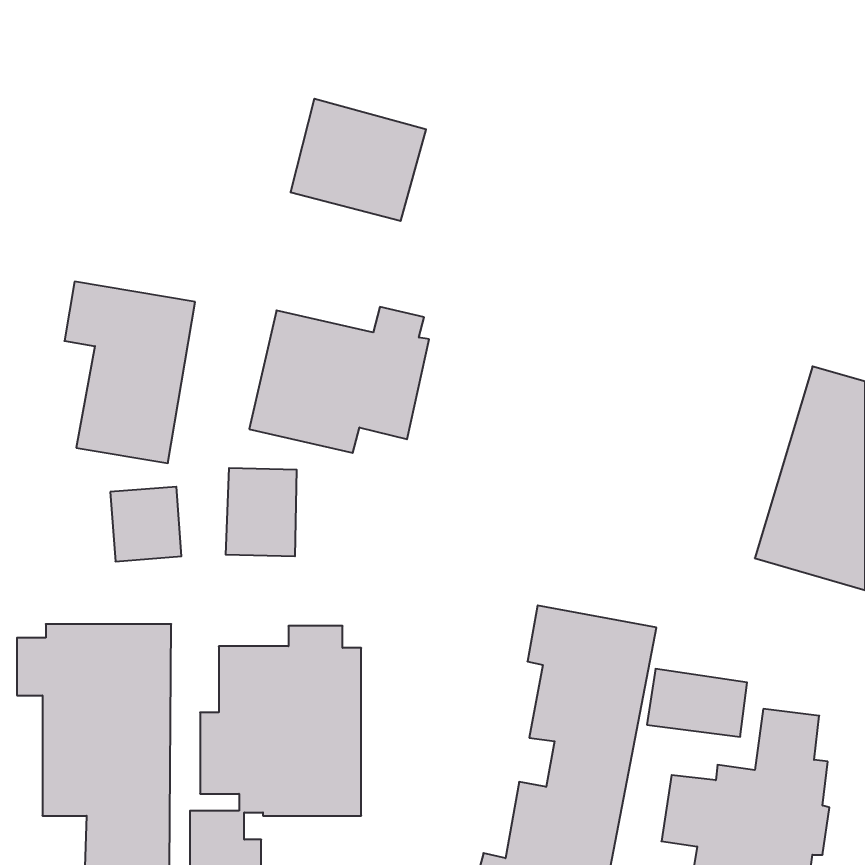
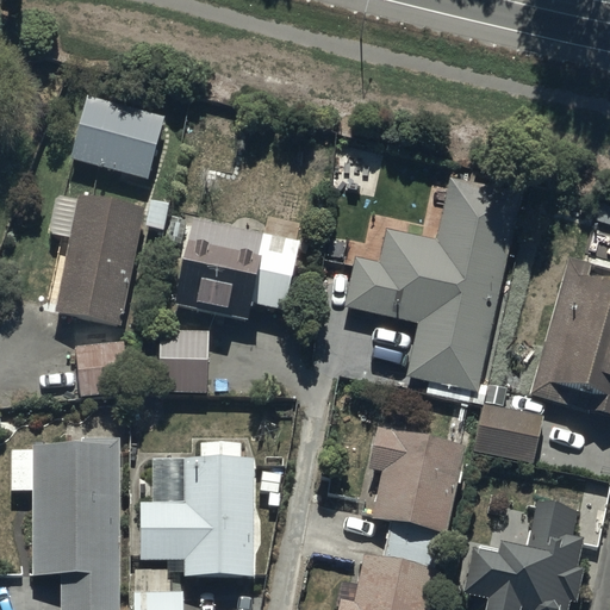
building: [290,99,426,221] -> [70,95,166,181]
building: none -> [346,176,524,393]
building: [647,669,747,737] -> [474,405,544,453]

